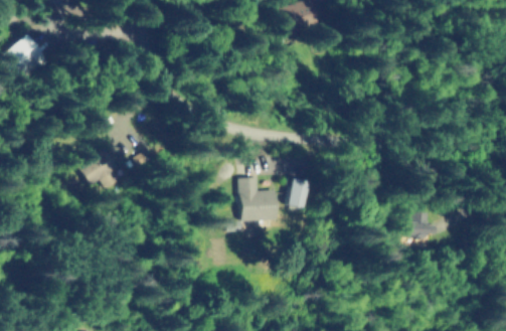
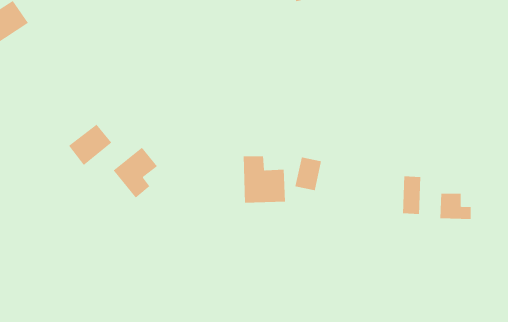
building: none -> [113,147,158,198]
building: none -> [402,176,421,215]

